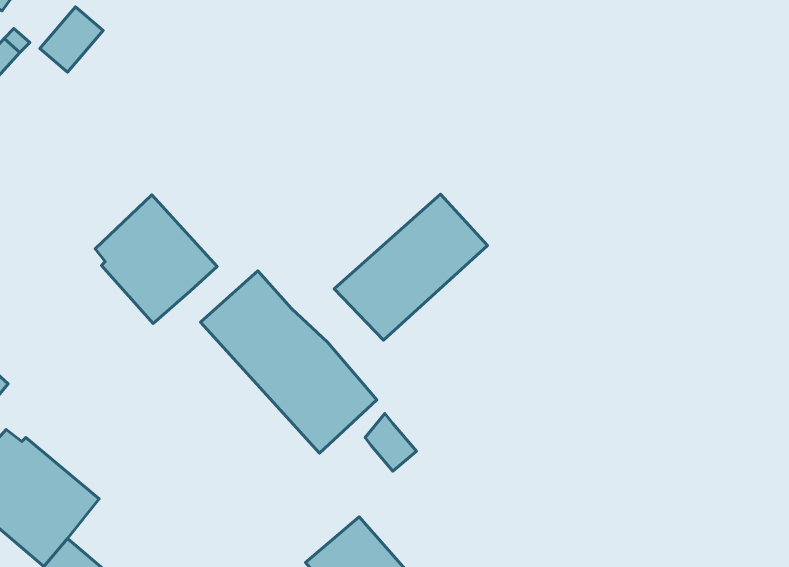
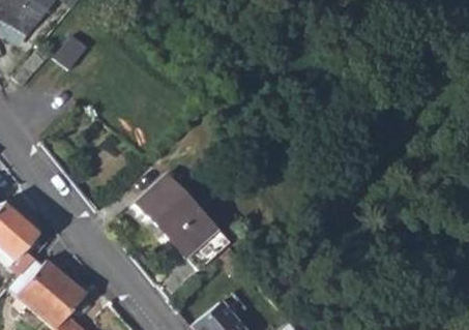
building: [334,194,487,340] -> none
building: [95,195,217,323] -> none

